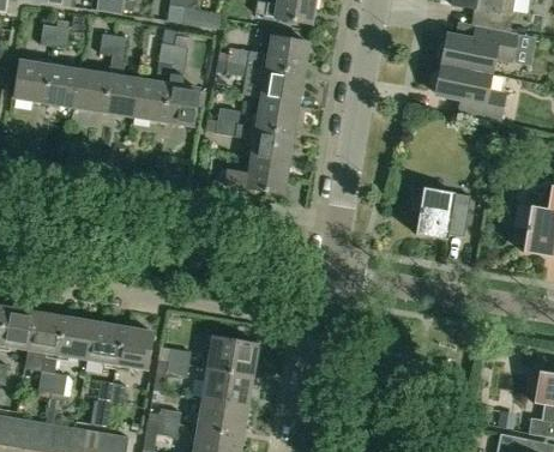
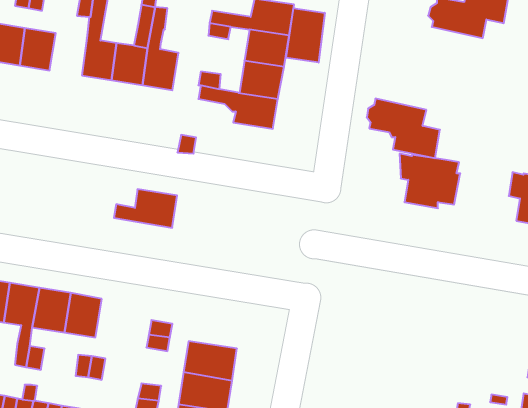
building: none -> [286,8,325,63]
building: [433,64,504,121] -> [367,99,440,158]
building: [72,70,108,110] -> none
building: [227,156,288,193] -> [114,189,177,228]
building: [116,326,152,368] -> none
building: [206,336,258,374] -> none

